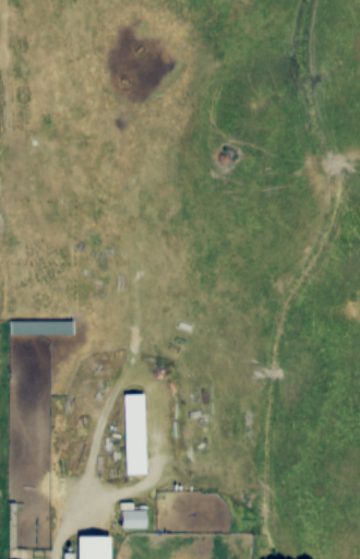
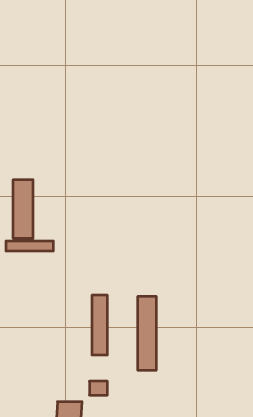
building: none -> [13,180,33,238]
building: none -> [138,296,156,370]

